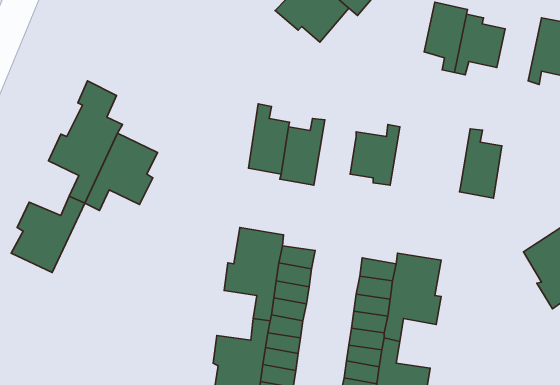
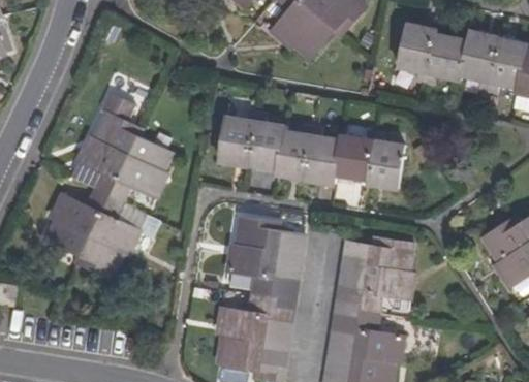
building: none -> [461,31,498,91]
building: none -> [219,109,256,165]
building: none -> [304,124,340,184]
building: [459,129,502,198] -> [368,130,404,189]
building: none -> [77,195,138,278]

